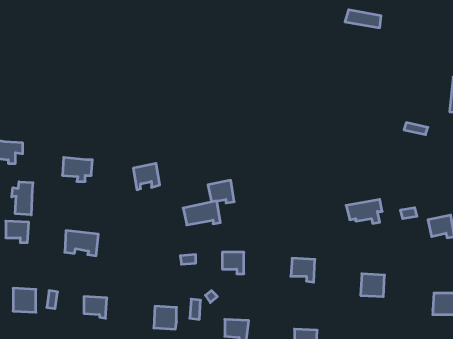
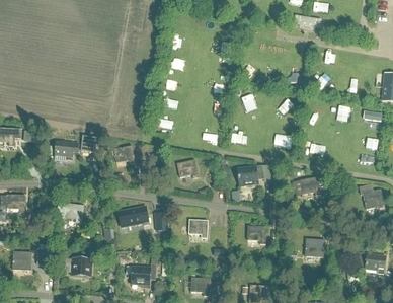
building: [12,182,33,215] -> none
building: none -> [237,164,270,184]
building: [183,201,220,225] -> [117,206,149,226]

